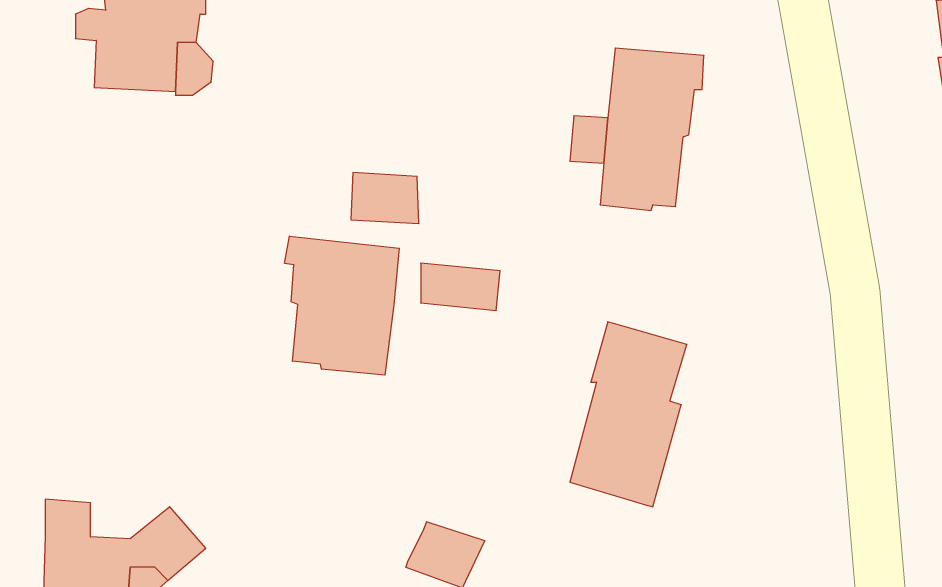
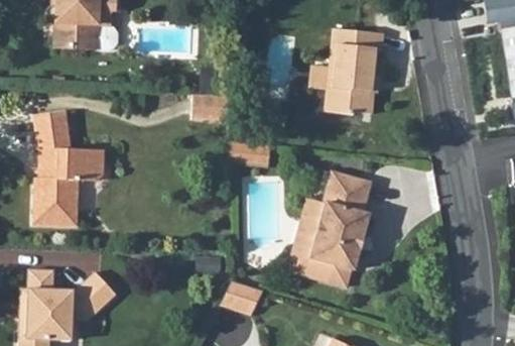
building: none -> [32,113,104,224]
building: [285,236,399,375] -> none
building: none -> [287,201,350,289]

